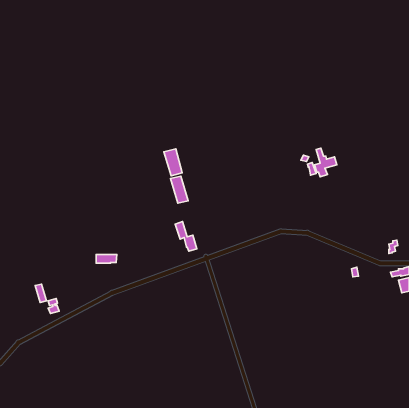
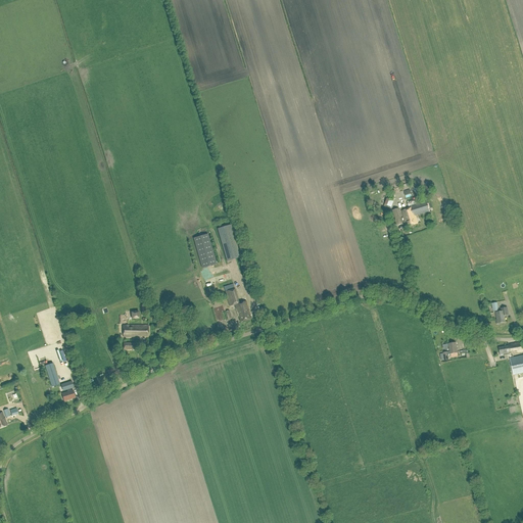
building: [164,149,182,176] -> [193,233,217,268]

